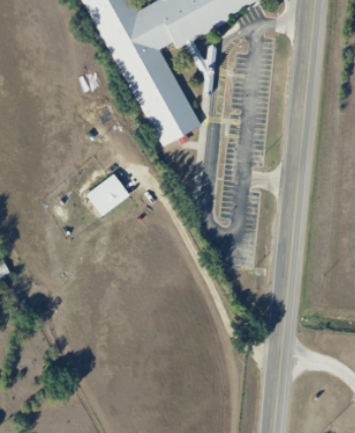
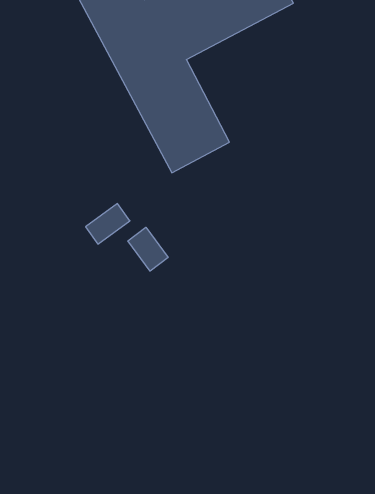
building: none -> [128,227,168,271]

